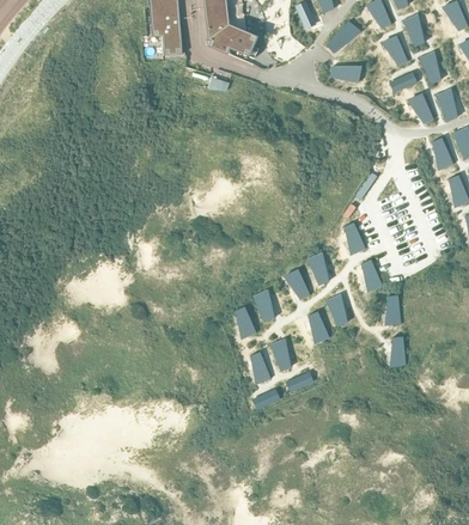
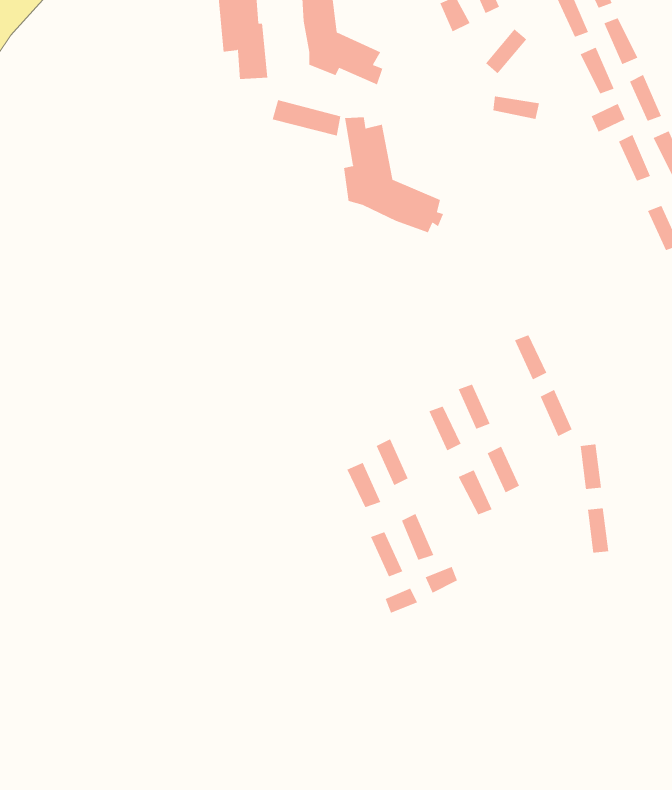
building: none -> [343,117,444,233]

